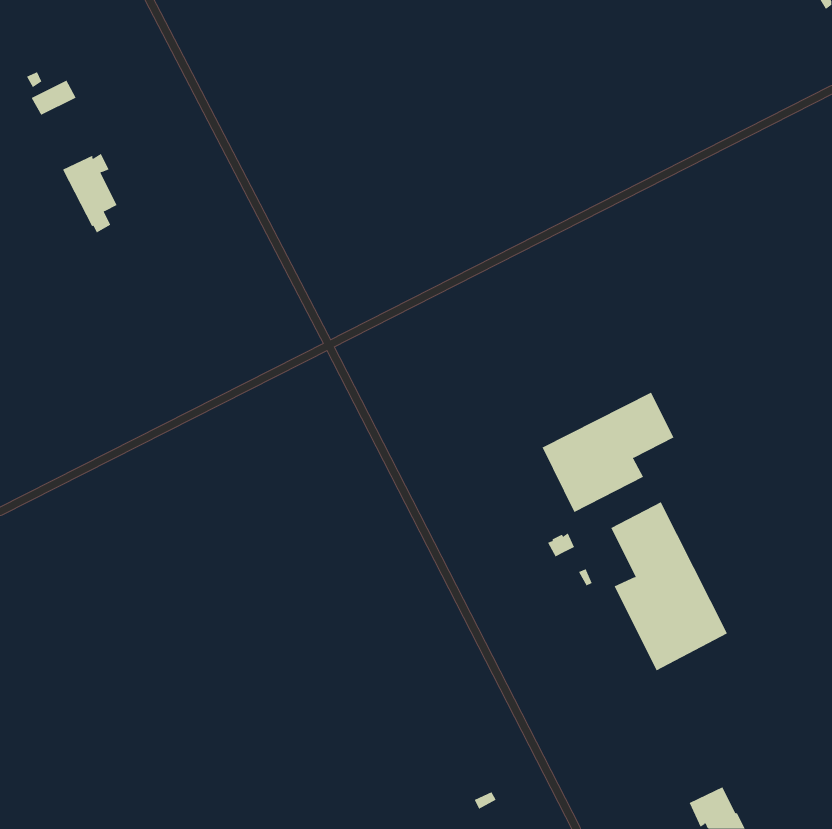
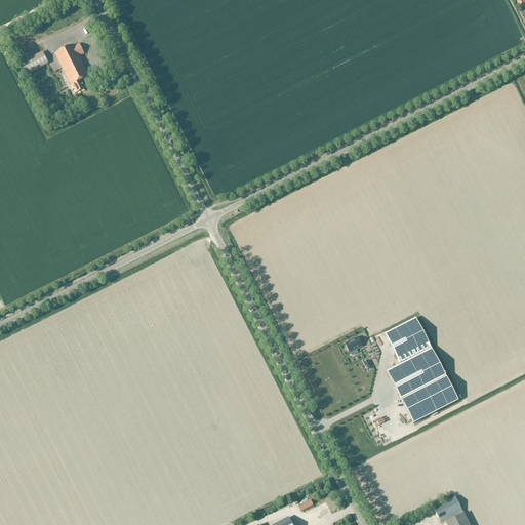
building: [62,153,118,233] -> [54,42,89,92]
building: [542,392,674,513] -> none

